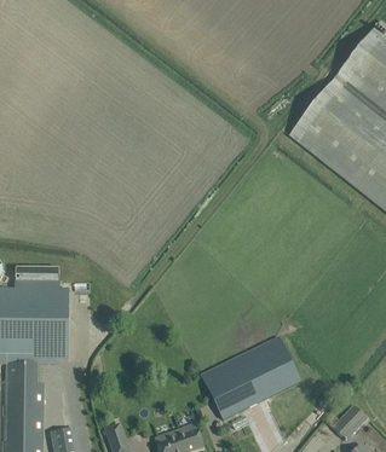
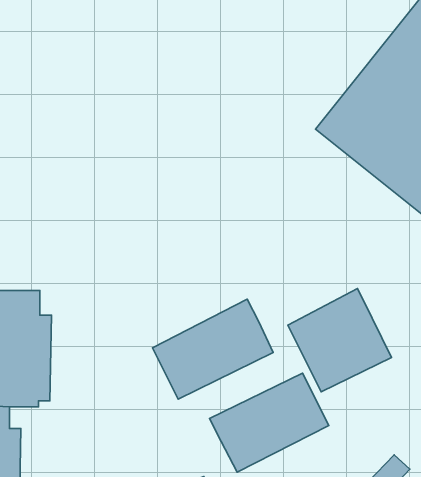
building: none -> [288,288,391,392]
building: none -> [153,299,273,399]

